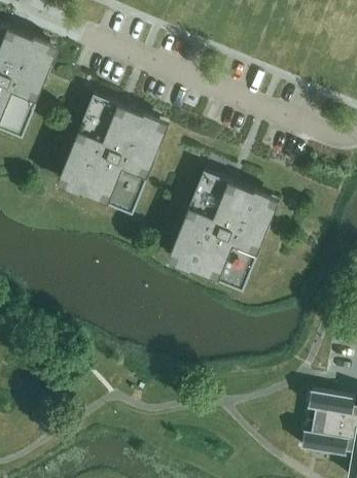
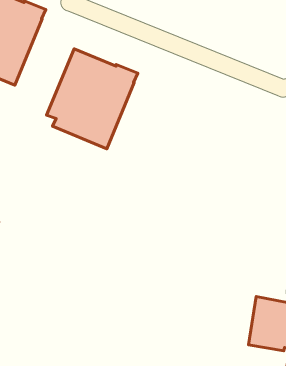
building: [171,171,279,291] -> none

